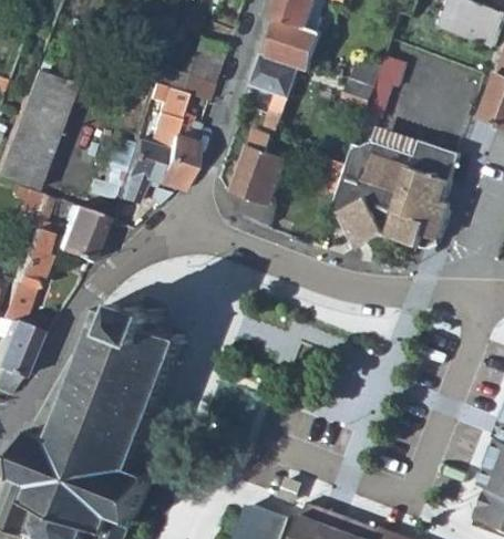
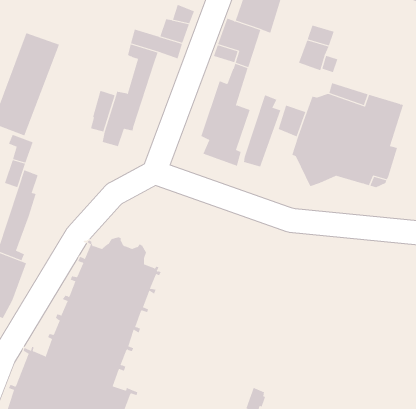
building: [155,106,198,189] -> [243,95,281,168]
building: [54,205,103,261] -> none

